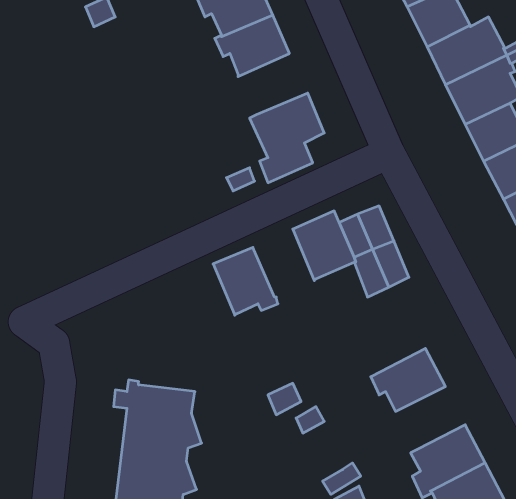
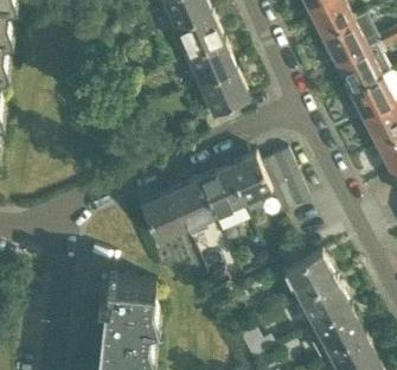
building: none -> [183,40,237,84]
building: none -> [198,166,245,225]
building: none -> [141,191,188,240]
building: none -> [296,279,350,324]

